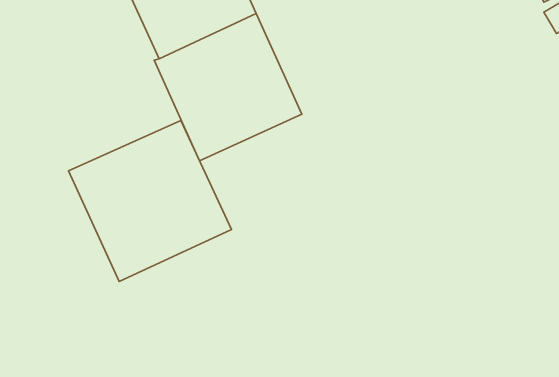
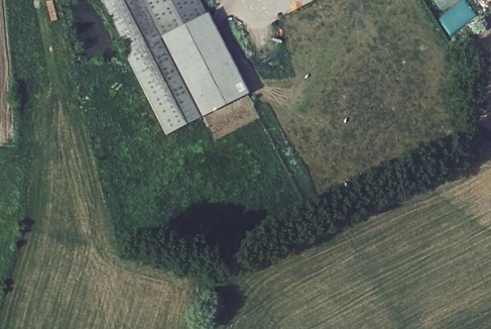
building: [69,121,231,282] -> none

